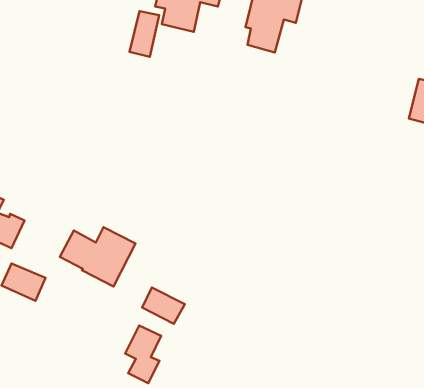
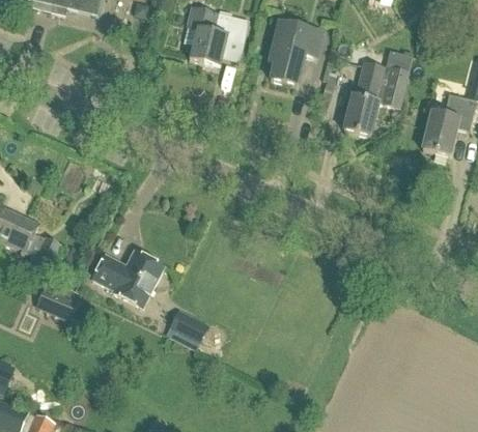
building: [129,11,159,57] -> none
building: none -> [343,50,411,137]
building: [125,325,161,383] -> none

